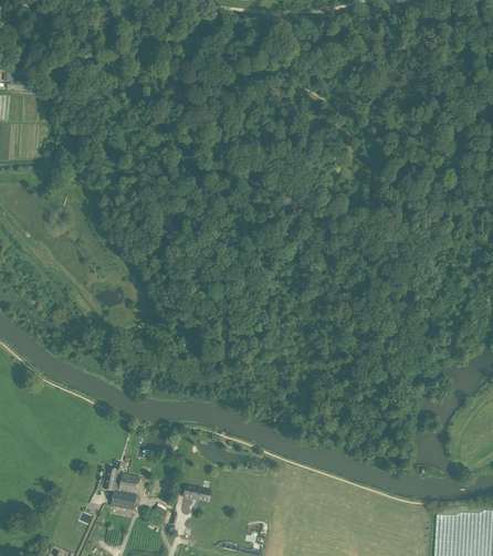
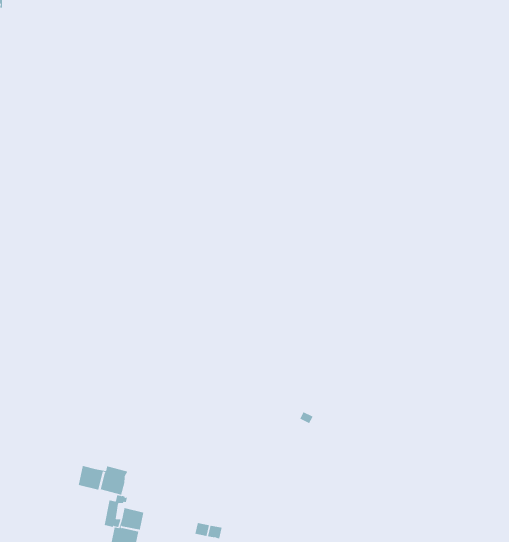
building: none -> [78,465,128,496]

